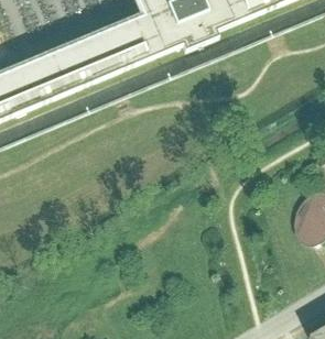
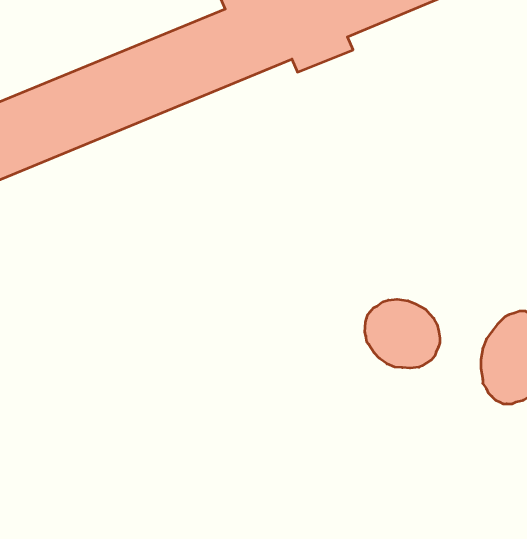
building: none -> [365,299,440,368]

